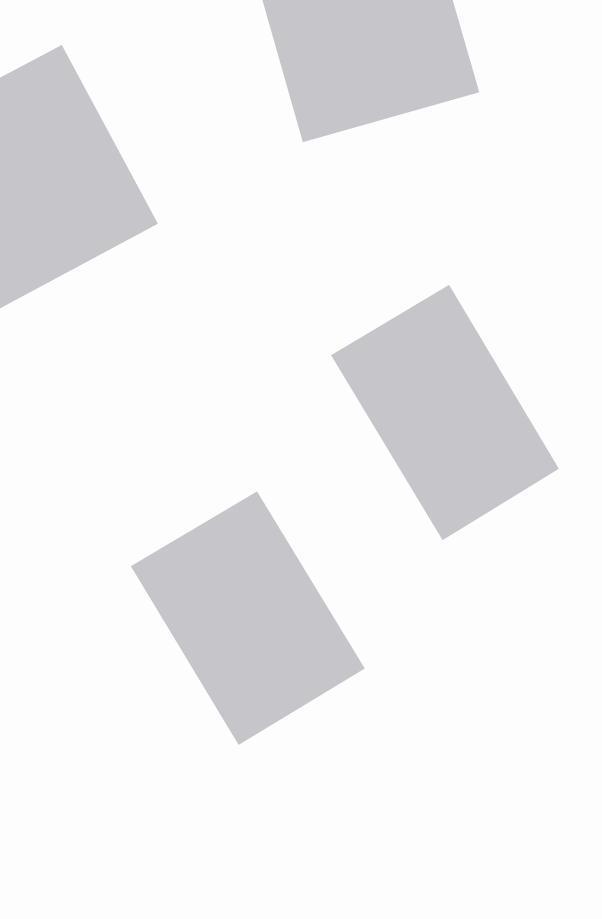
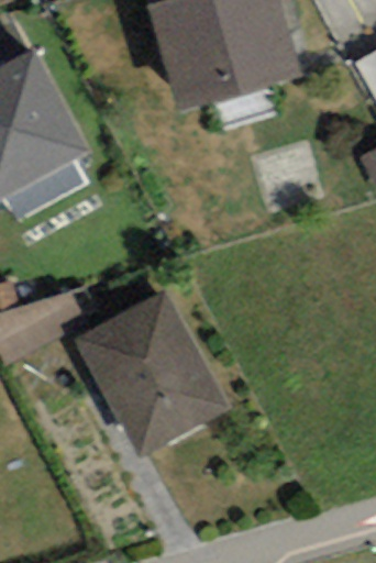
building: [330,284,560,541] -> none

